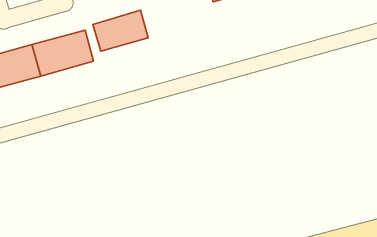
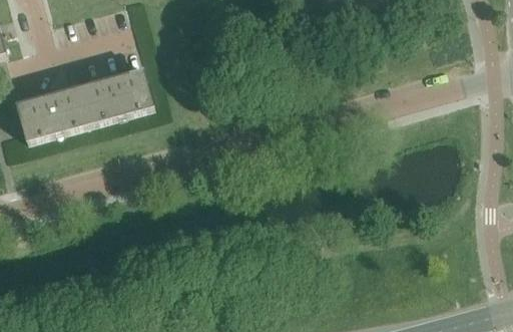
building: [93,10,148,51] -> none

